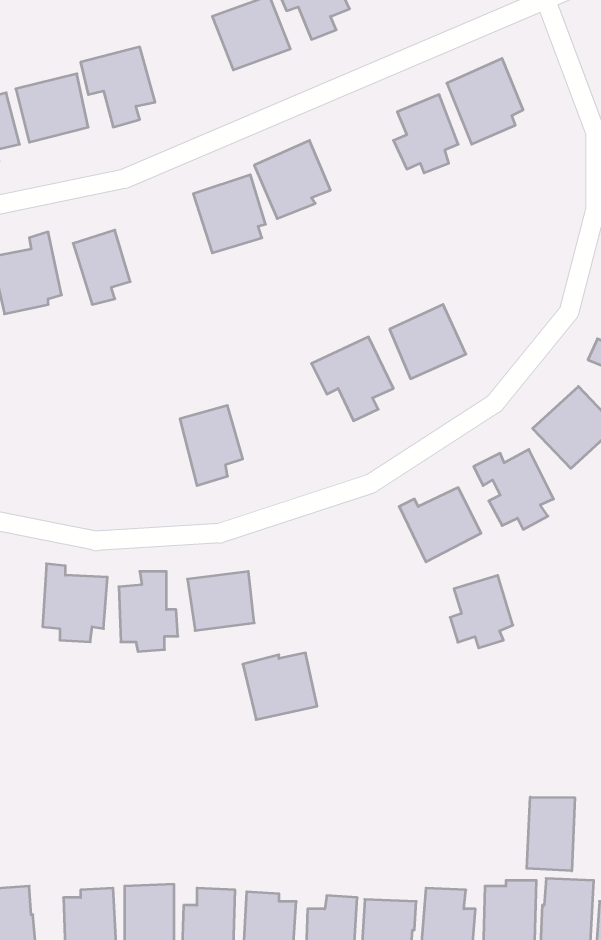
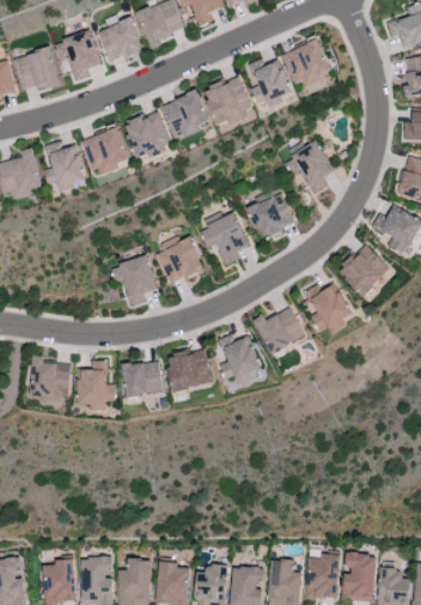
building: none -> [98,18,144,62]
building: none -> [203,77,256,133]
building: none -> [81,127,128,175]
building: none -> [285,143,332,193]
building: none -> [157,240,203,284]
building: [450,575,513,648] -> [220,338,260,383]
building: [243,653,317,720] -> [165,350,212,392]
building: [527,797,575,871] -> none

